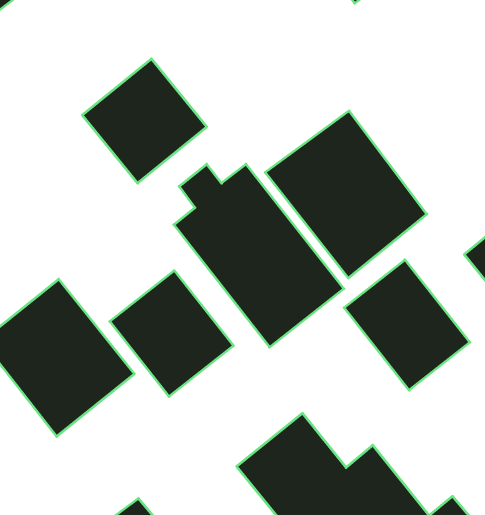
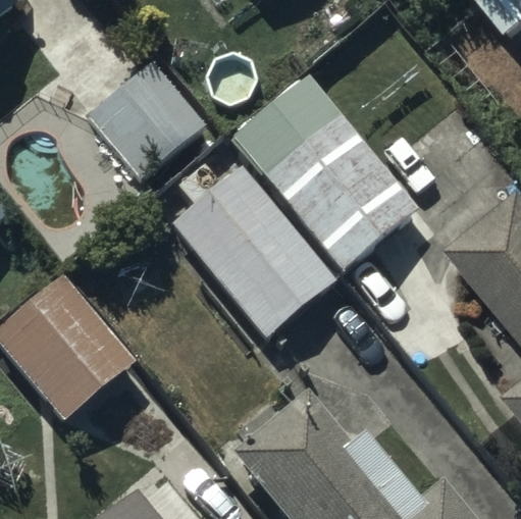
building: [344,260,470,390] -> none
building: [110,271,233,397] -> none

